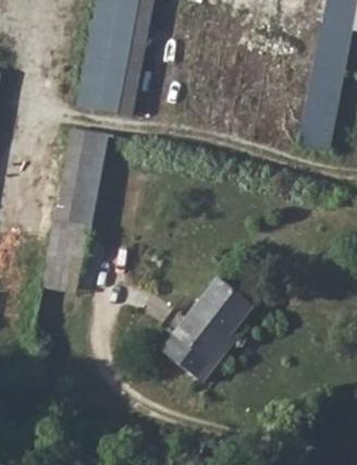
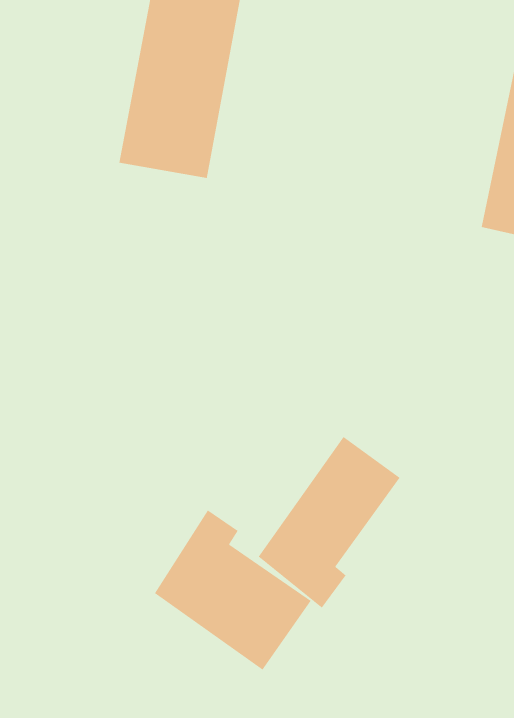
building: [42,126,106,291] -> none
building: none -> [154,510,311,670]

